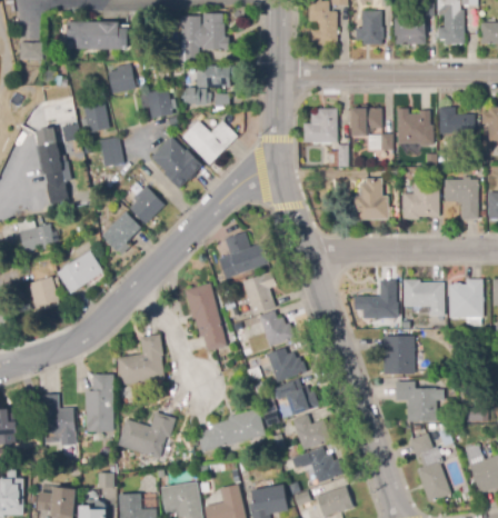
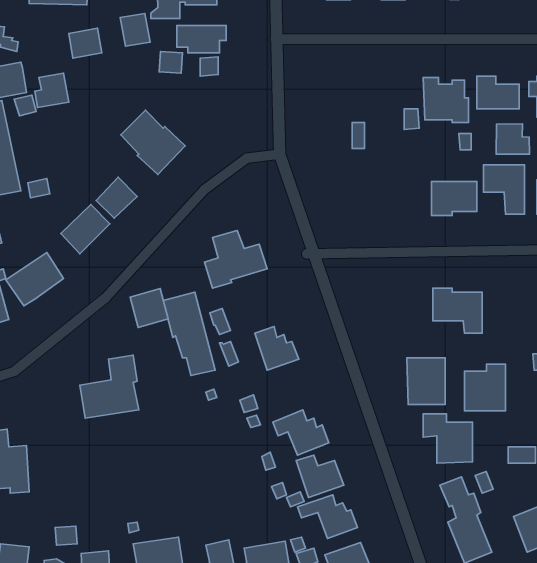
building: [147,90,171,117] -> [120,13,150,46]
building: [303,108,337,142] -> none
building: [351,108,381,136] -> none
building: [181,120,238,165] -> none
building: [99,136,123,167] -> none
building: none -> [496,124,529,154]
building: [351,178,388,219] -> none
building: [242,270,277,315] -> none
building: [449,279,482,317] -> [465,364,506,411]
building: none -> [130,289,168,327]
building: [362,280,396,320] -> none
building: [266,347,307,382] -> none
building: [86,373,113,431] -> none
building: [197,408,265,451] -> none
building: [118,412,175,458] -> none

